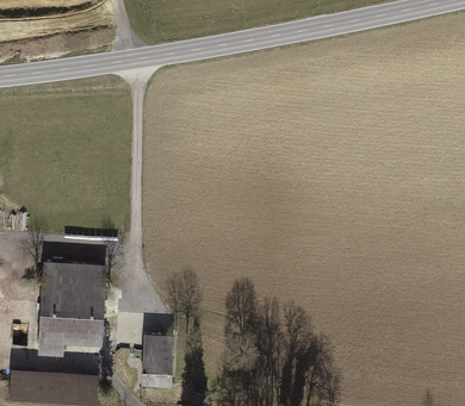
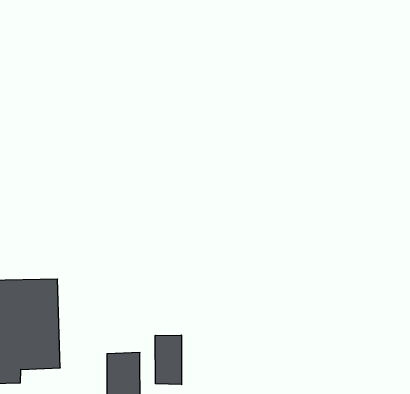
building: none -> [155,335,182,385]

